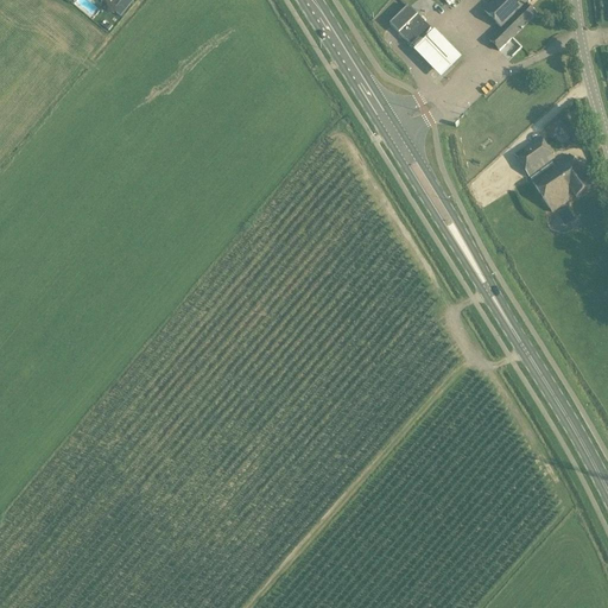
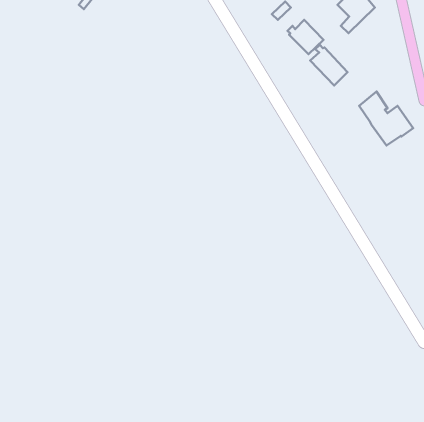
building: [397,11,430,44] -> none
building: none -> [310,45,348,85]

